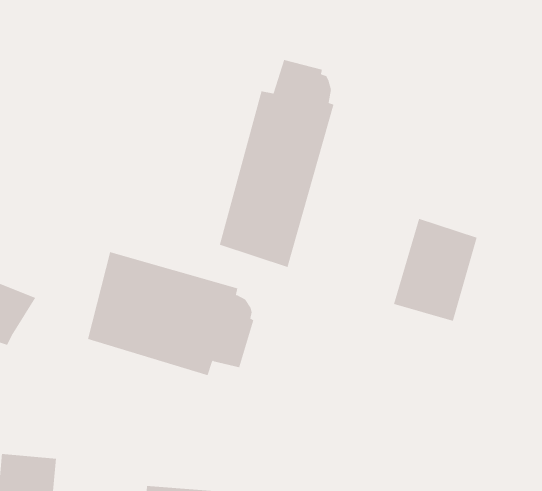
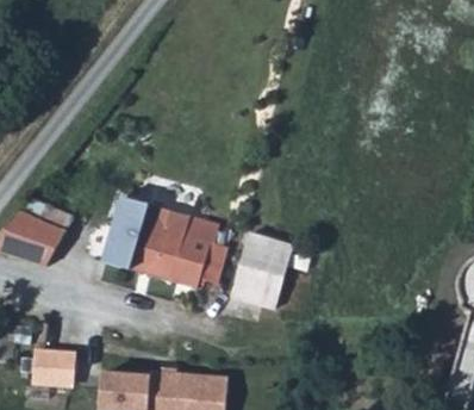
building: [219,59,334,268] -> none
building: [393,218,477,322] -> [227,231,291,309]

